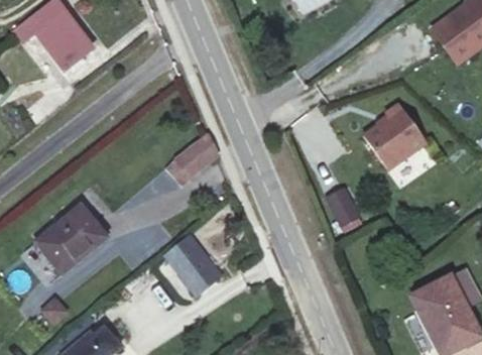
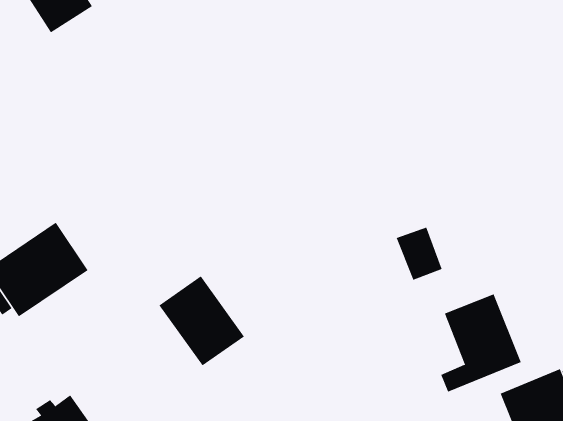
building: [364,107,430,169] -> none
building: [166,134,218,184] -> none
building: none -> [441,293,521,392]

